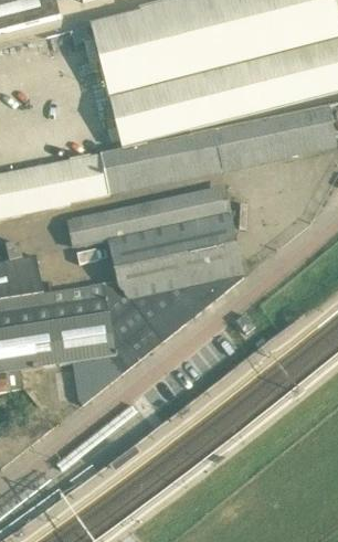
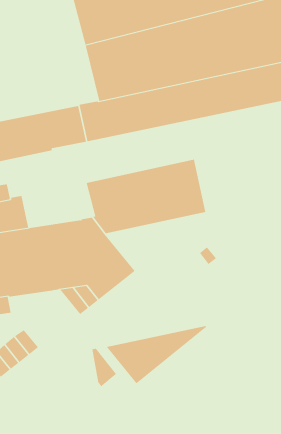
building: [66,185,226,248] -> none
building: [128,274,242,340] -> [106,325,207,384]
building: [71,361,99,405] -> [92,348,117,387]

